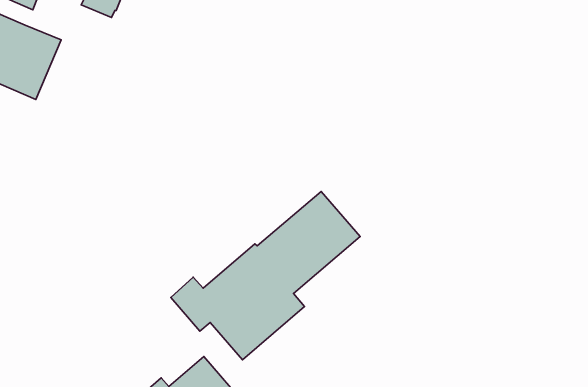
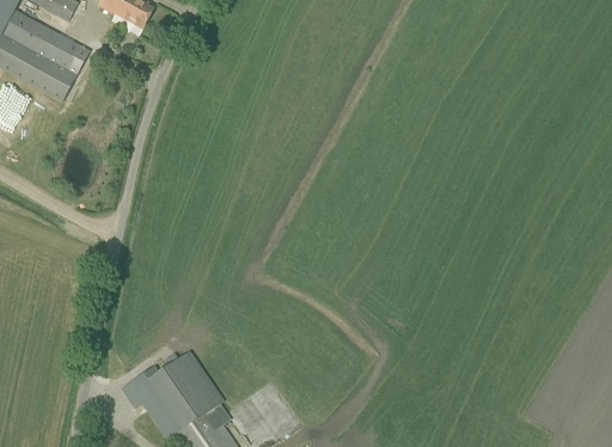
building: [171,191,360,360] -> none

